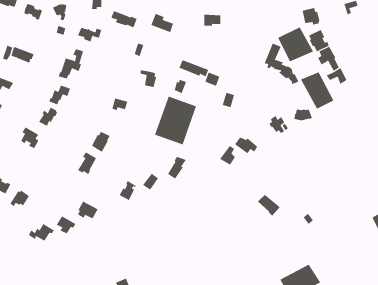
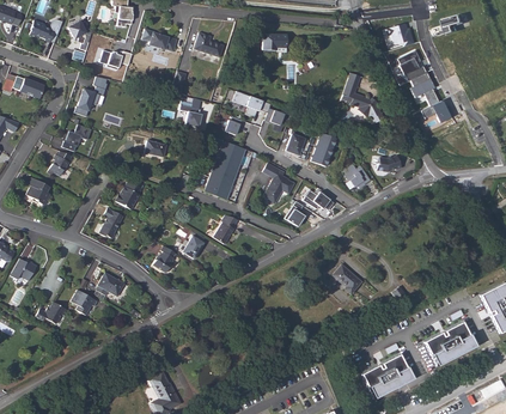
building: [277,26,314,62] -> none
building: [300,72,334,110] -> none
building: none -> [311,132,337,166]
building: none -> [260,165,294,203]
building: none -> [423,322,477,367]

